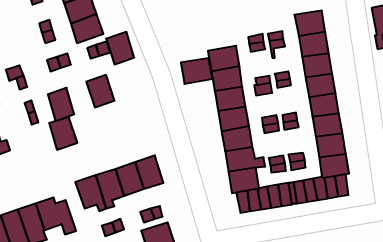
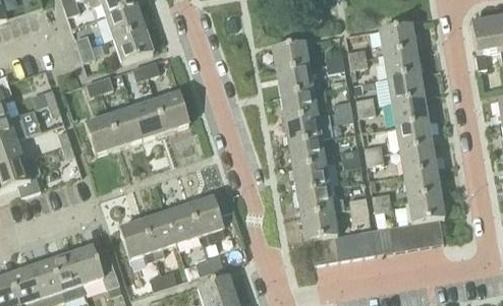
building: [106,32,134,65] -> [156,93,189,131]
building: [181,58,213,84] -> [273,42,311,72]
building: [49,117,77,150] -> [109,109,143,147]

